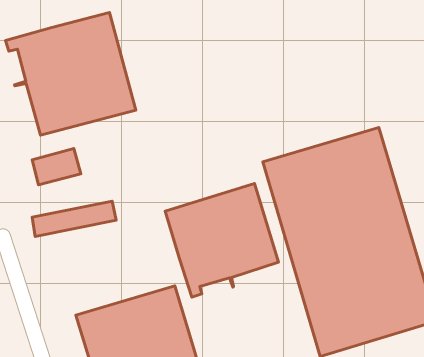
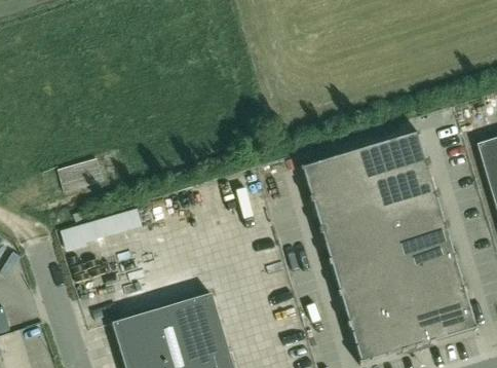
building: [6,13,136,135] -> none
building: [165,183,279,297] -> none

